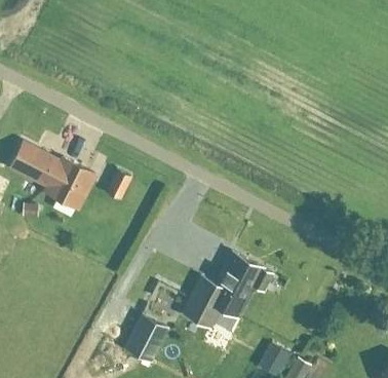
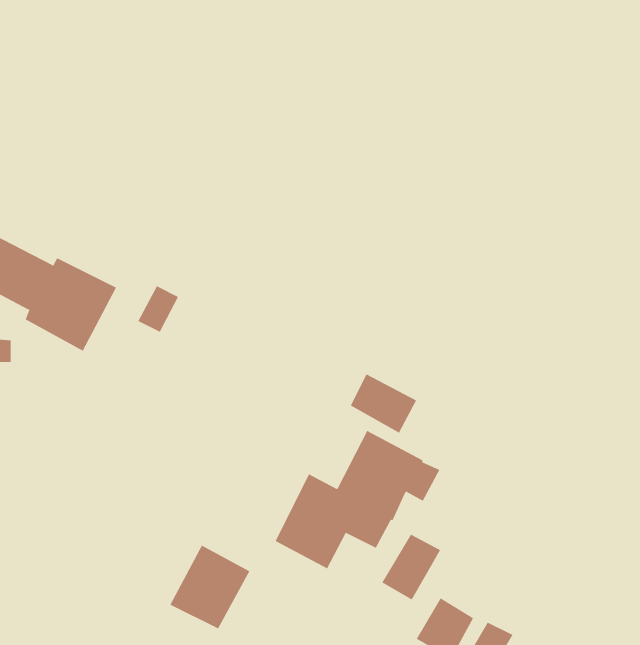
building: none -> [350,374,417,433]
building: none -> [381,534,441,600]

